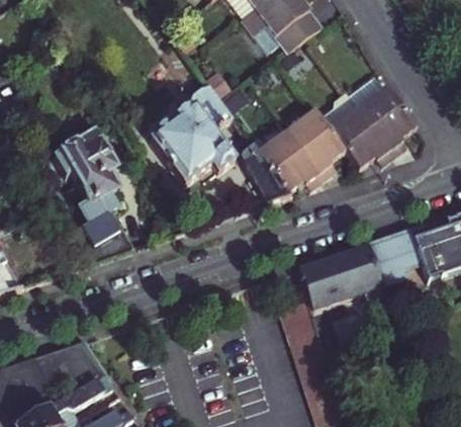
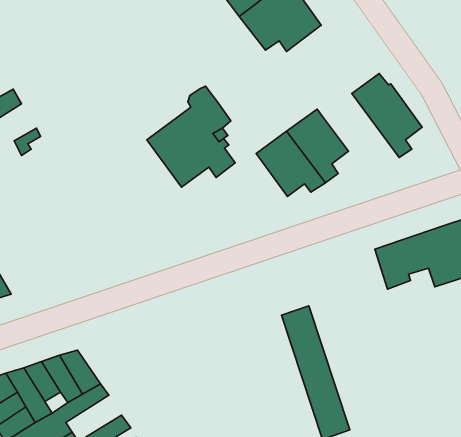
building: [320,90,394,167] -> none
building: [56,132,134,261] -> none
building: [243,147,290,203] -> none
building: [298,243,385,310] -> none

